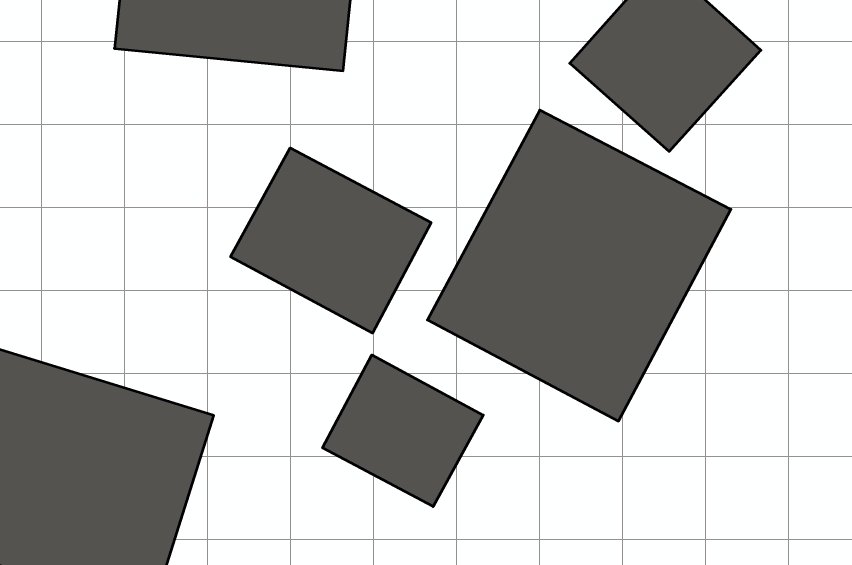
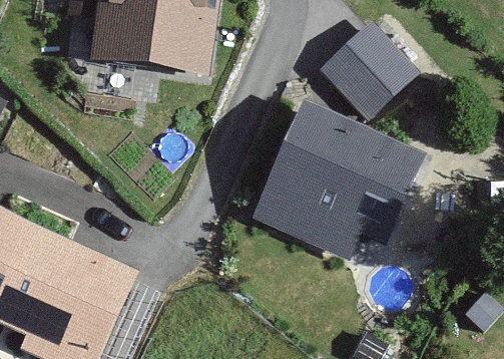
building: [231,148,431,333] -> none
building: [323,355,483,507] -> none

